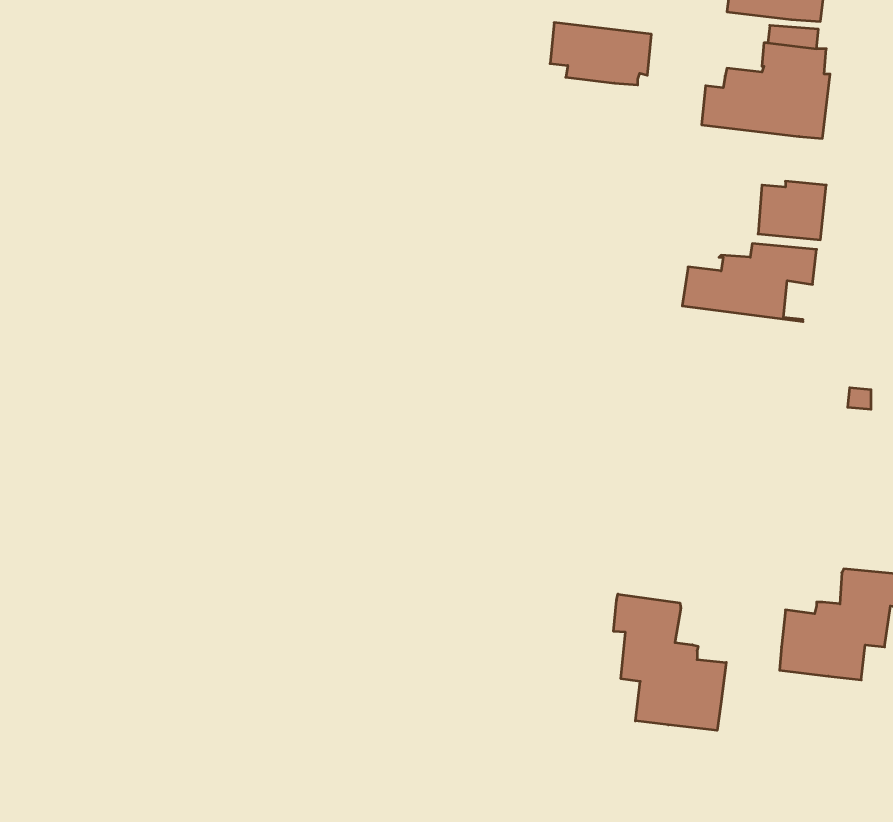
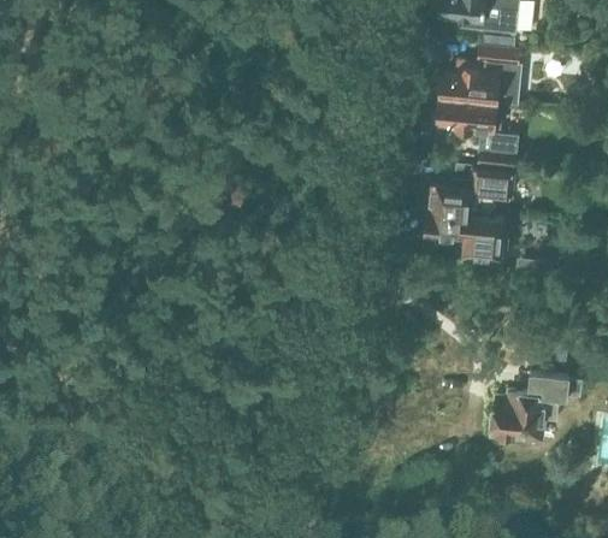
building: [550,23,651,85] -> [438,97,501,136]
building: none -> [424,209,507,258]
building: [614,594,726,730] -> none

